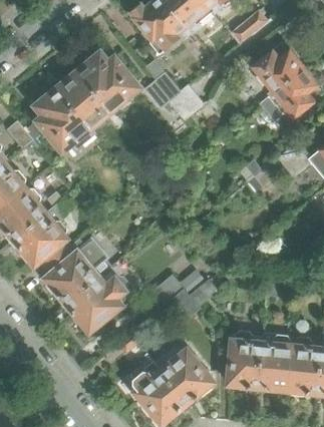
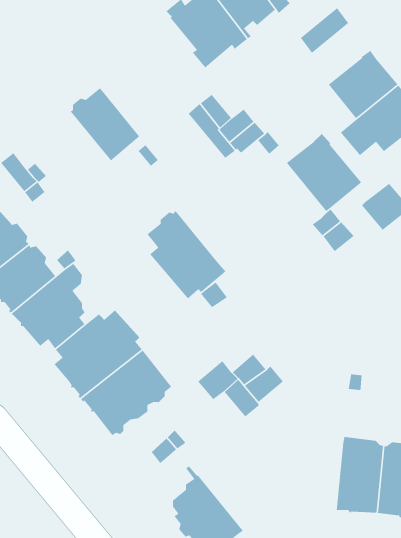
building: [79,52,139,109] -> none
building: [34,87,94,154] -> [146,210,226,299]
building: none -> [286,133,362,212]
building: [227,330,262,388] -> none
building: [161,344,213,403] -> none

